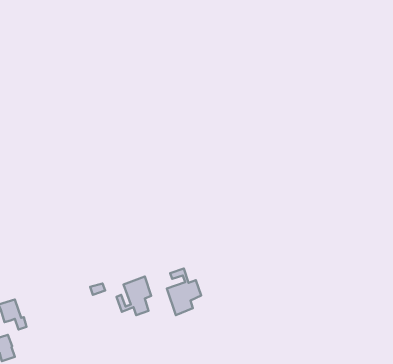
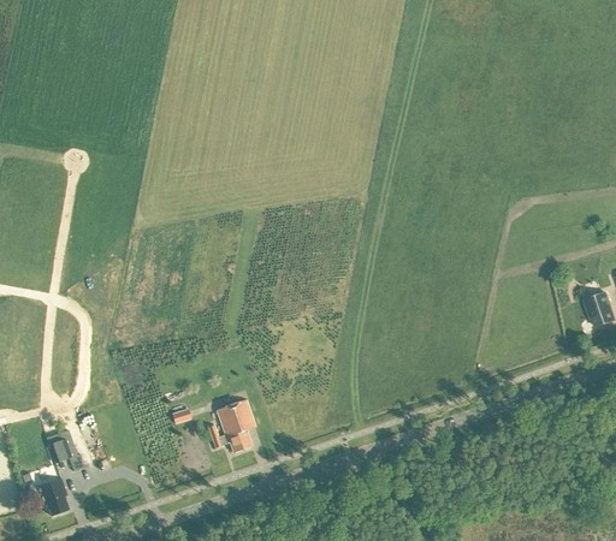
building: [167,268,201,315] -> none

